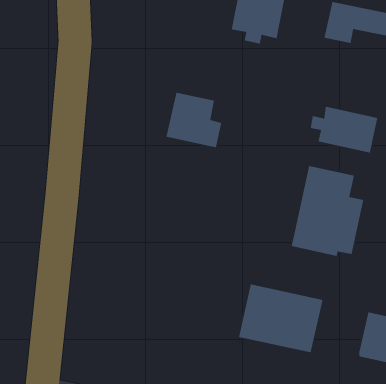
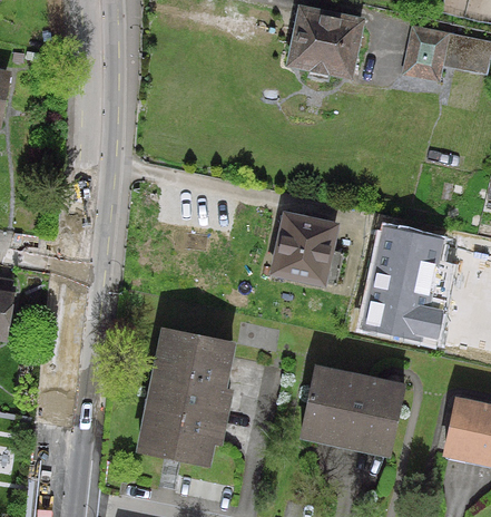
building: [166,92,222,148] -> [274,215,342,283]
building: [310,106,378,153] -> none
building: none -> [139,328,230,461]

